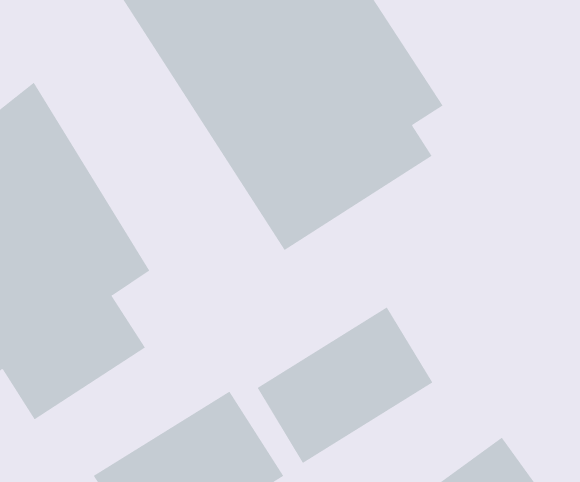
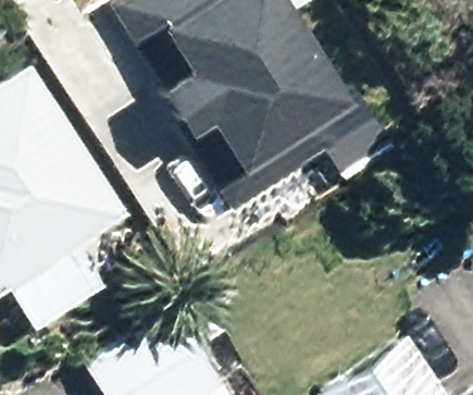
building: [257,306,433,464] -> none

